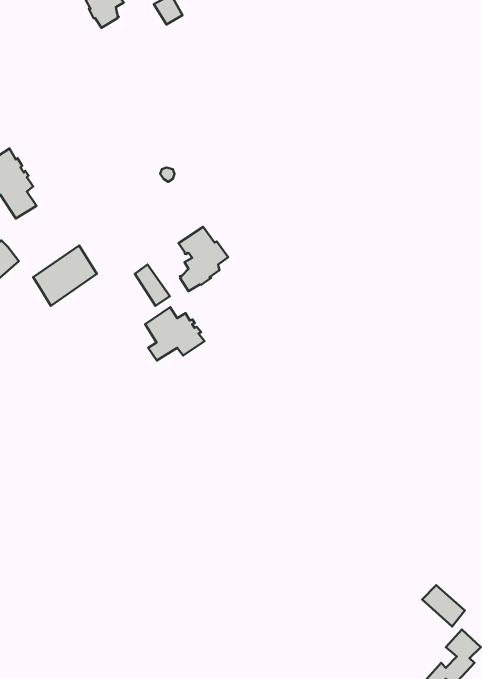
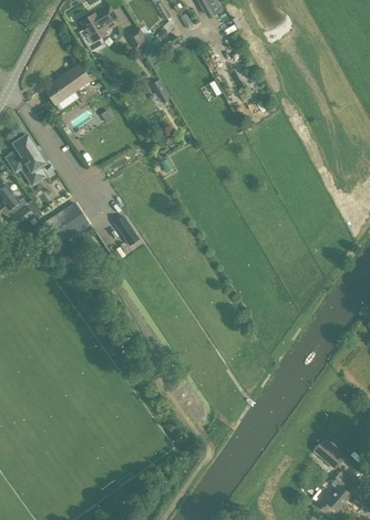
building: none -> [44,64,89,104]
building: [179,227,228,291] -> none
building: [145,307,205,361] -> none

